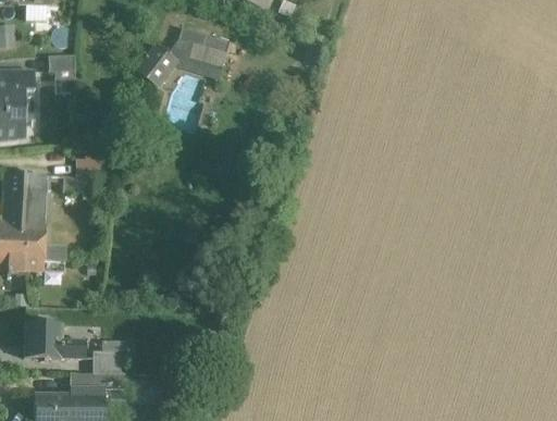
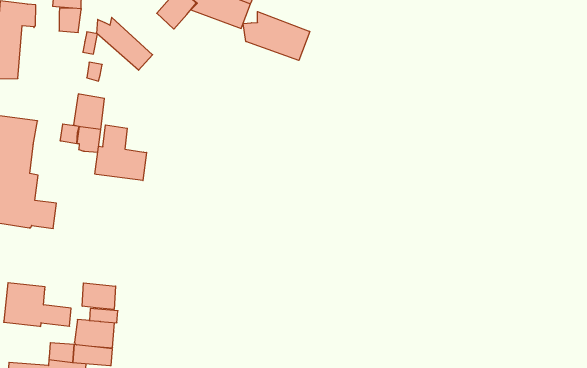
building: none -> [243,12,310,60]
building: none -> [97,17,153,70]
building: none -> [95,125,147,181]
building: none -> [82,283,116,309]

